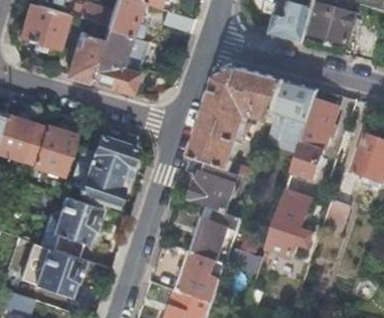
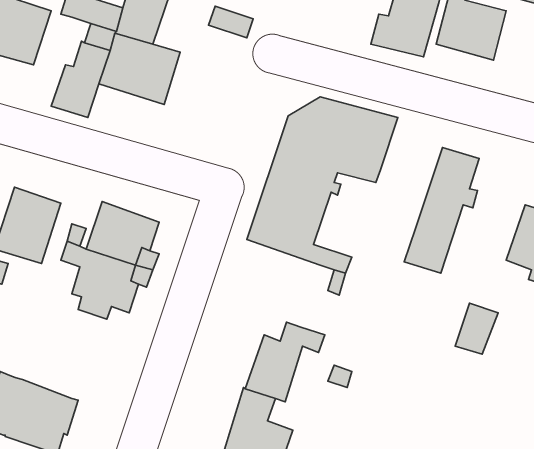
building: [89,60,138,94] -> none
building: [265,82,318,152] -> none
building: [185,159,236,214] -> none
building: [263,189,311,257] -> none
building: [41,197,102,260] -> none

